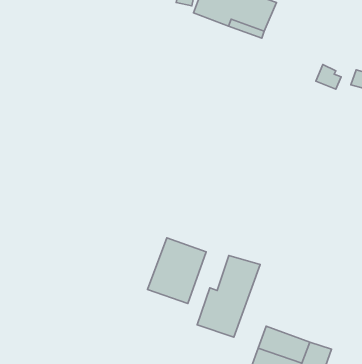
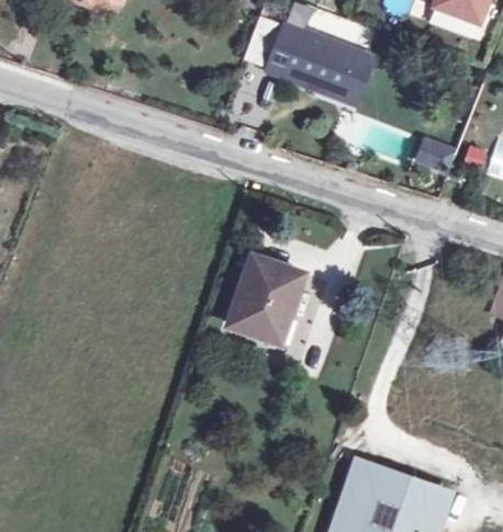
building: [148,238,206,304] -> [232,259,305,341]
building: [197,255,260,337] -> none

